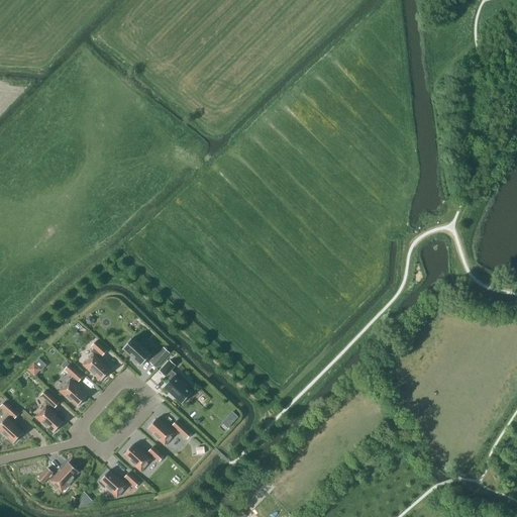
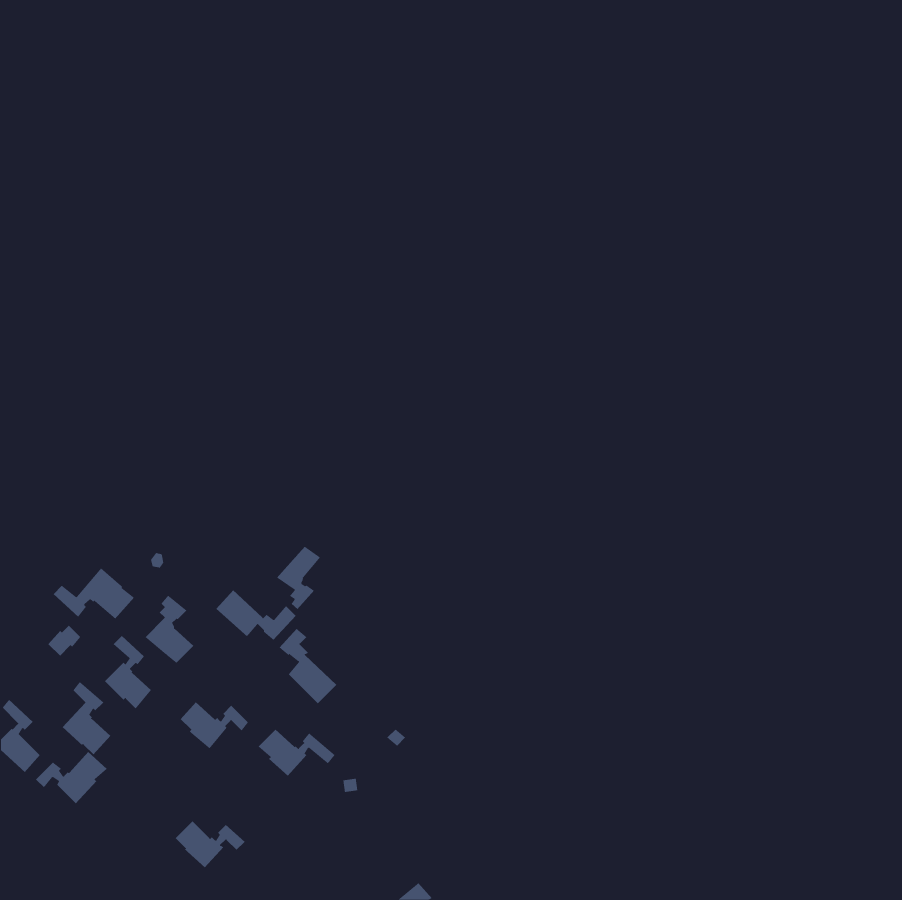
building: none -> [276,546,321,610]
building: none -> [53,568,135,620]
building: [124,443,164,471] -> [180,701,249,749]
building: [38,461,80,492] -> [35,751,108,804]

